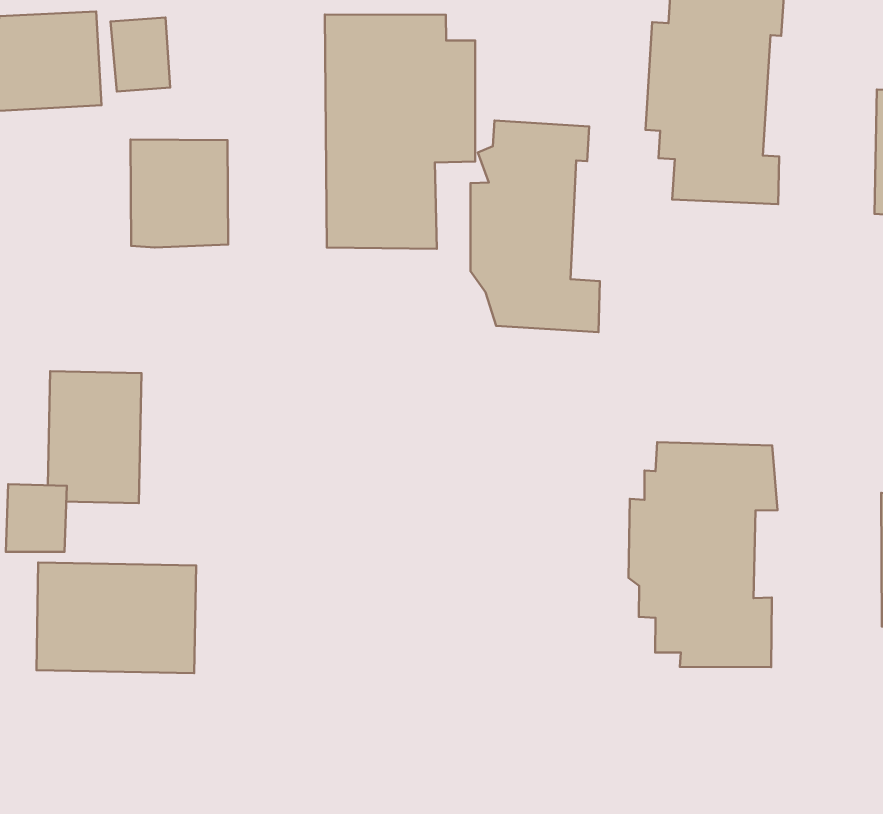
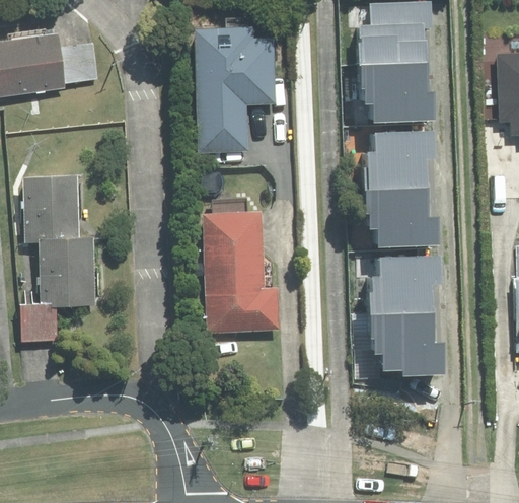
building: [470,121,600,332] -> [366,131,442,244]
building: [130,140,228,247] -> [24,175,82,237]
building: none -> [195,214,275,336]
building: [36,562,196,673] -> none

